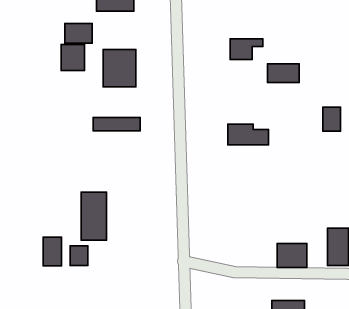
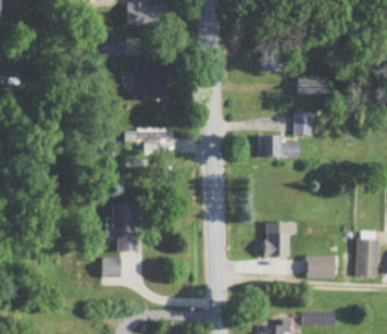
building: [61,45,84,71] -> none
building: [323,107,340,131] -> [294,111,311,135]
building: none -> [266,222,296,256]
building: [43,237,61,266] -> none

